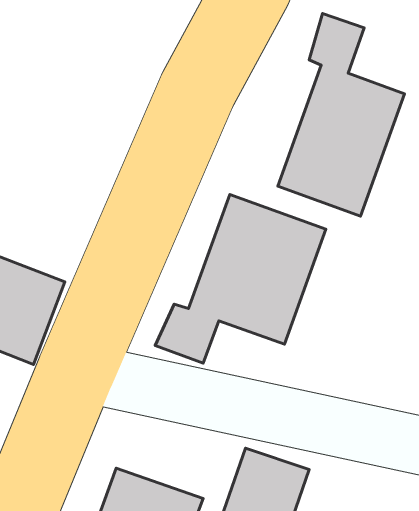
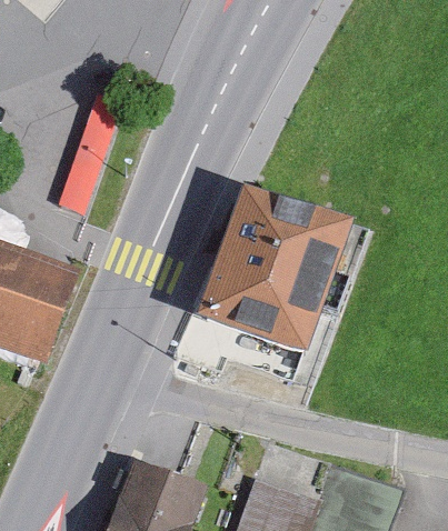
building: [278,14,405,216] -> none

